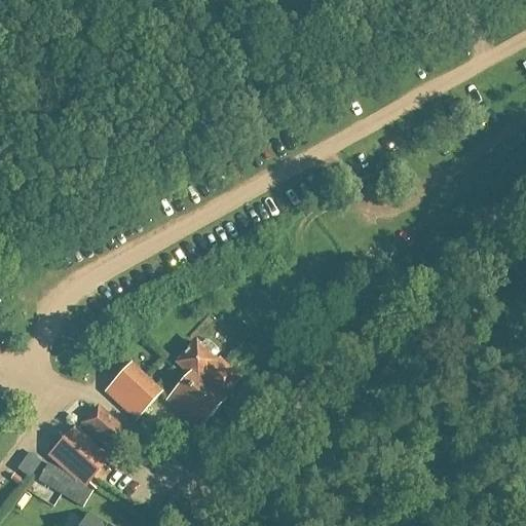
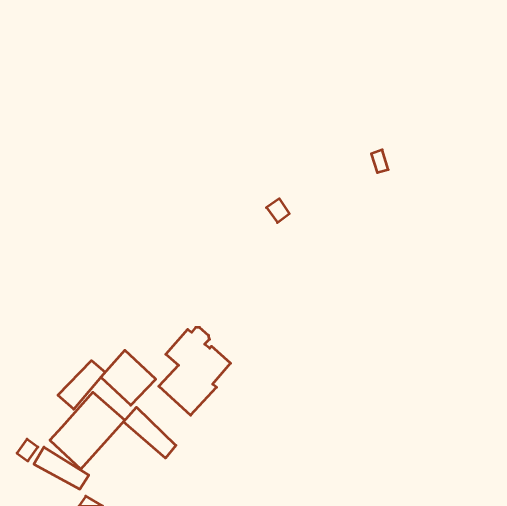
building: none -> [58,361,105,409]
building: none -> [123,407,176,458]

